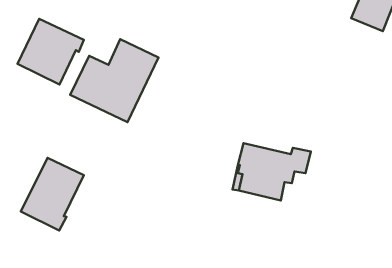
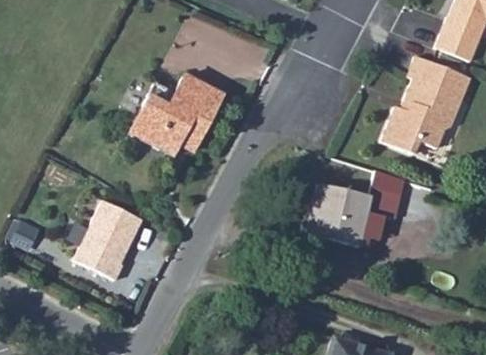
building: [17,19,84,84] -> none
building: none -> [382,55,471,154]

